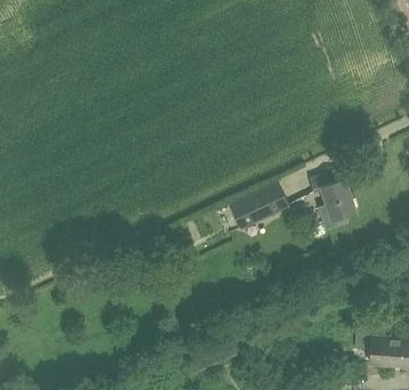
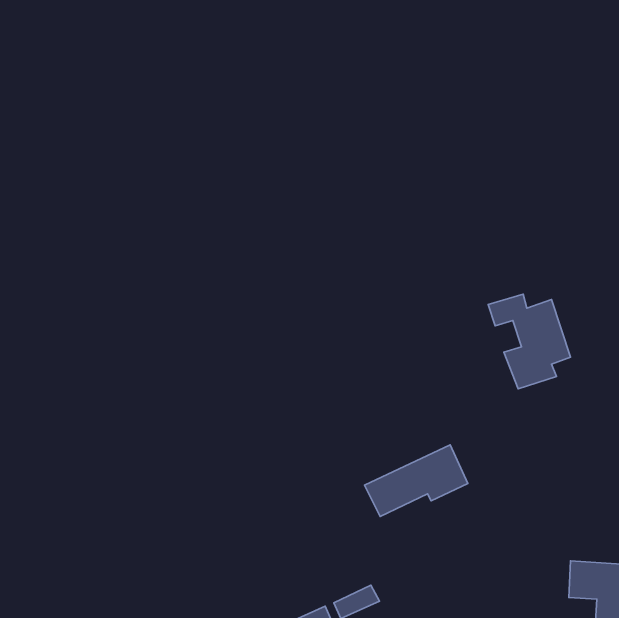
building: [230,184,289,225] -> [364,445,468,517]

